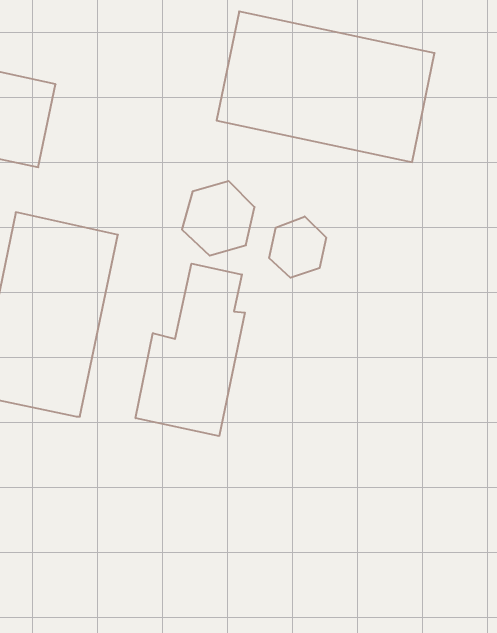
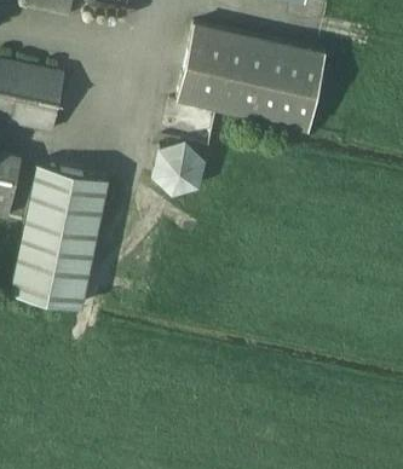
building: [269,216,326,278] -> none
building: [136,264,245,436] -> none

